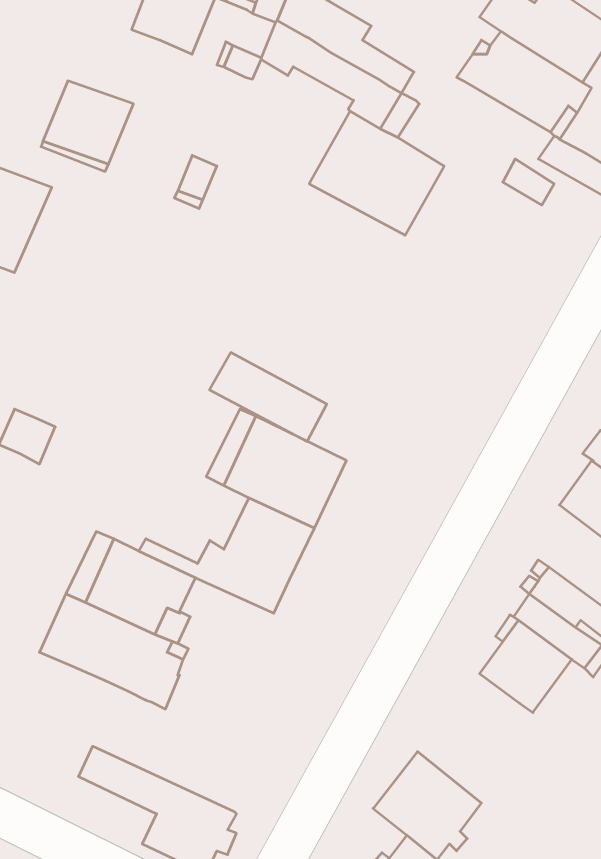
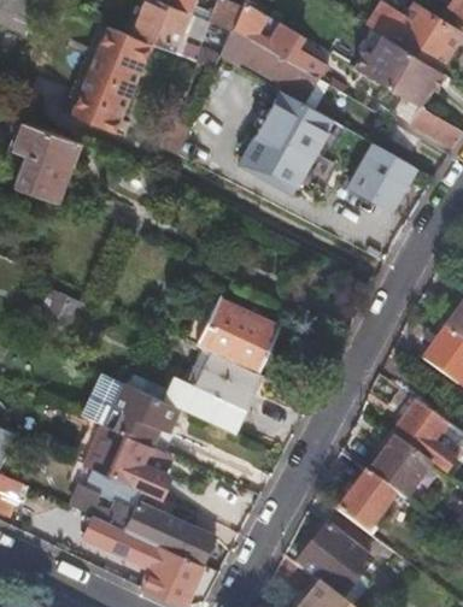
building: none -> [88,25,151,86]
building: none -> [350,145,414,208]
building: [210,353,327,441] -> [238,140,317,200]
building: none -> [68,467,215,566]
building: none -> [338,471,395,531]

